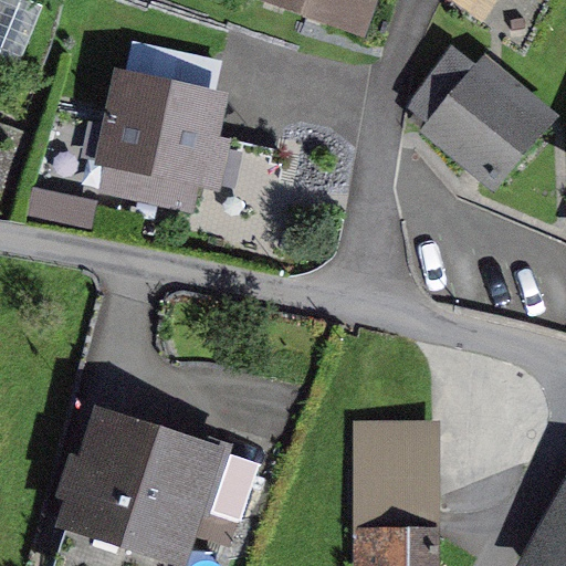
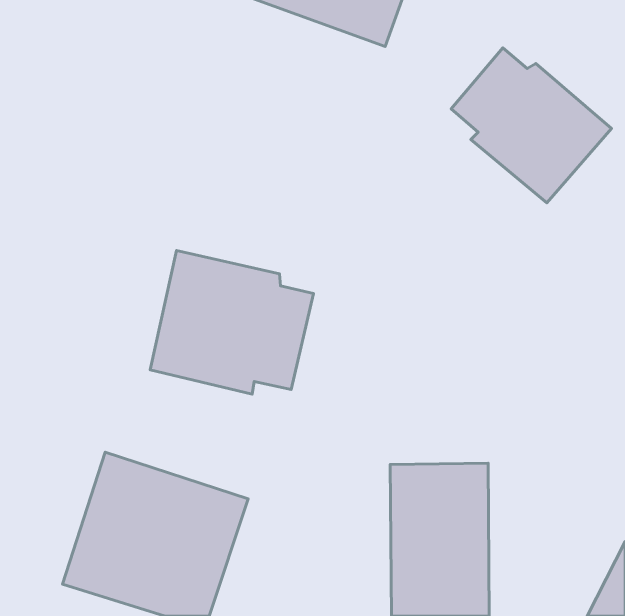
building: [102,70,229,184] -> none
building: none -> [150,250,314,394]

